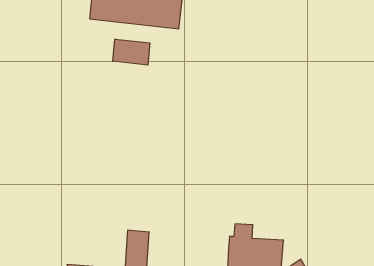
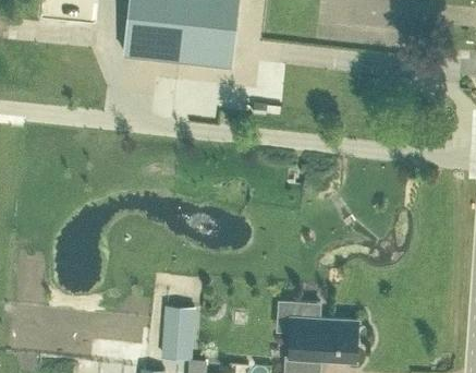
building: [113,39,150,65] -> none

